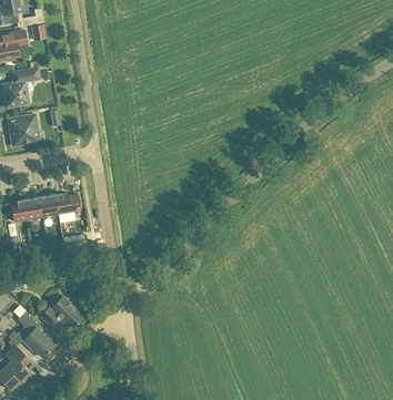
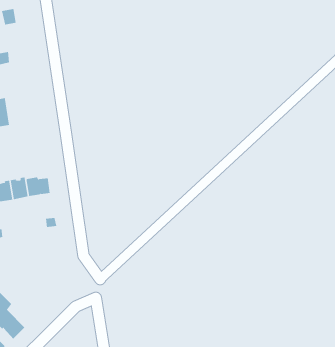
building: [40,296,83,331] -> none

